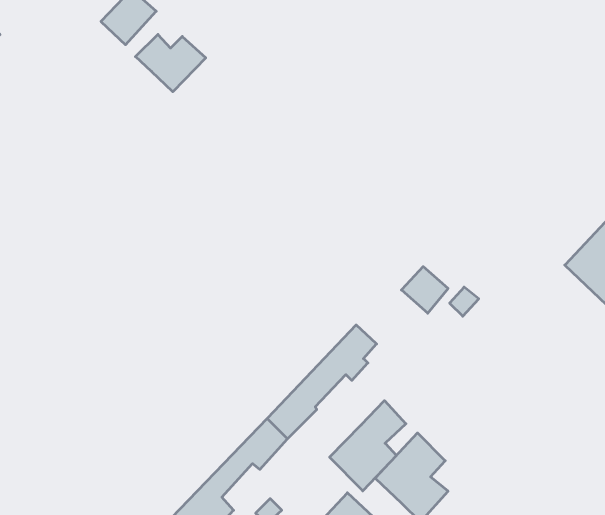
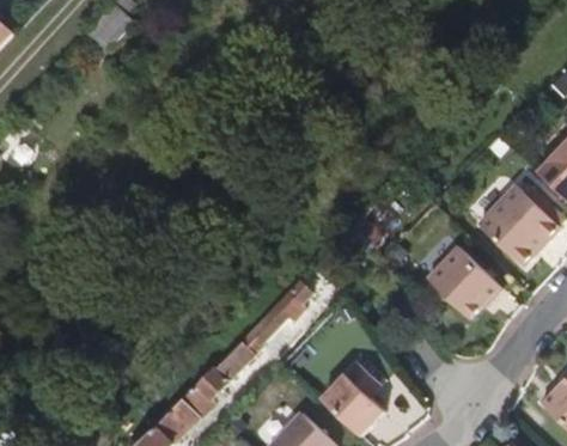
building: [135,34,206,92] -> none
building: none -> [427,245,501,318]
building: [330,401,406,491] -> none

